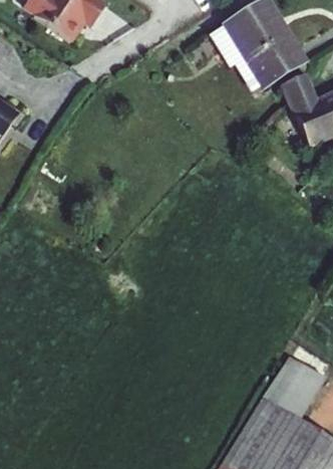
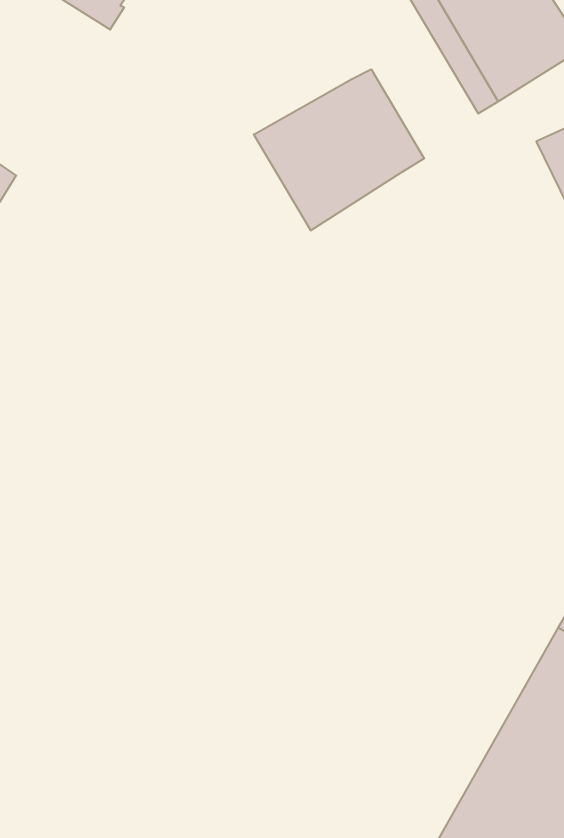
building: none -> [254,69,424,231]

